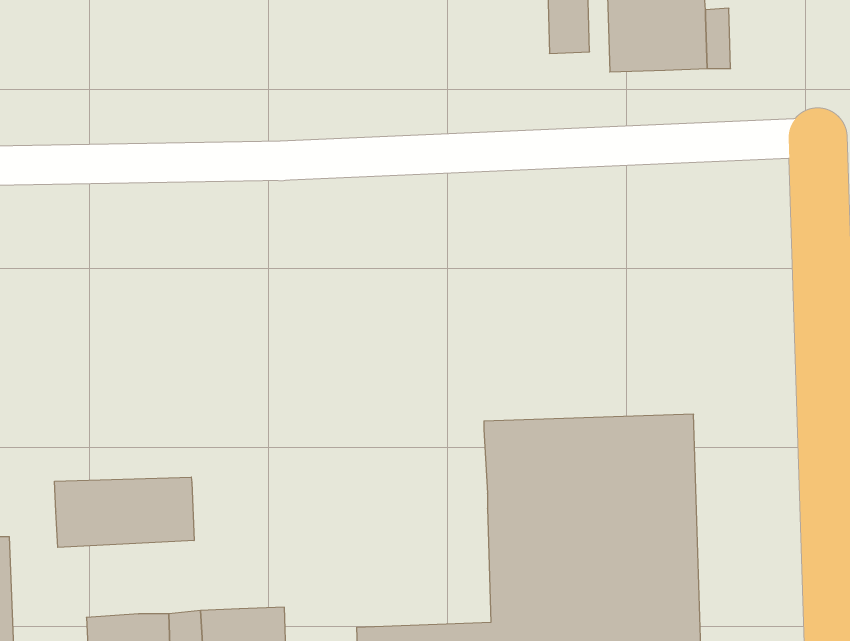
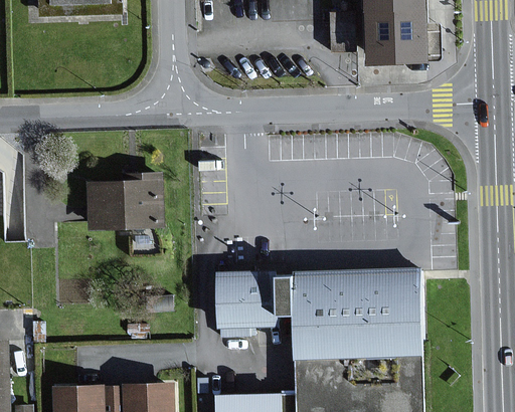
building: none -> [88,174,162,228]
building: none -> [216,271,294,327]
building: [55,477,194,547] -> none

